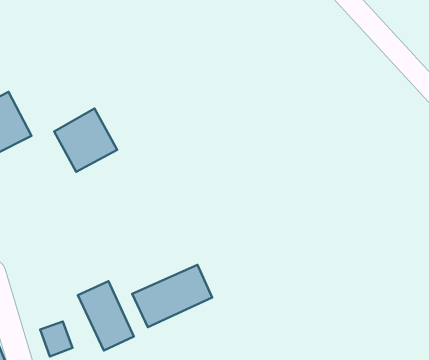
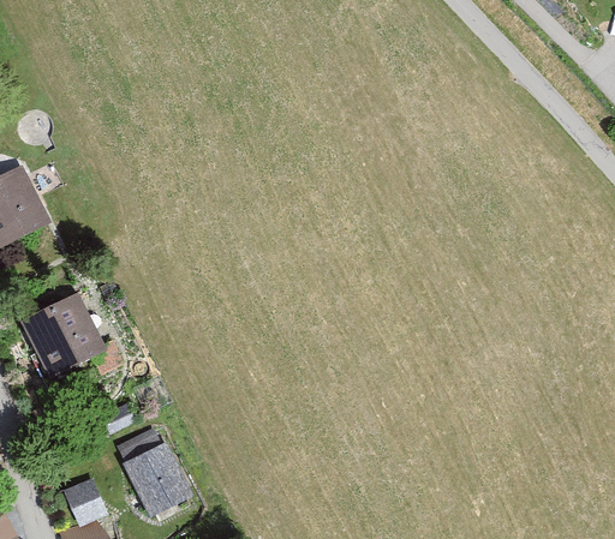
building: [54,109,117,172] -> [28,292,114,378]
building: [132,265,212,327] -> none

